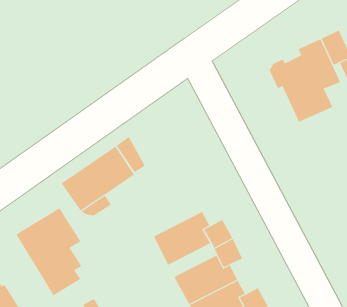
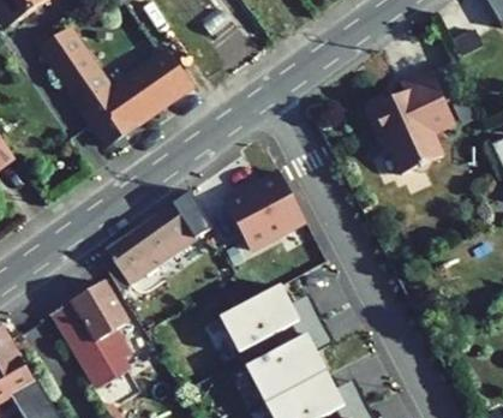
building: none -> [40,26,193,145]
building: none -> [226,172,305,249]

